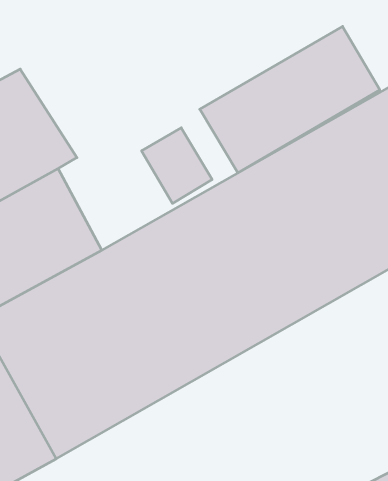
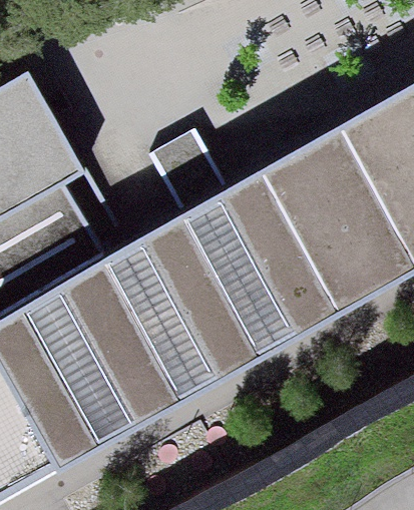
building: [200,26,380,173] -> none

